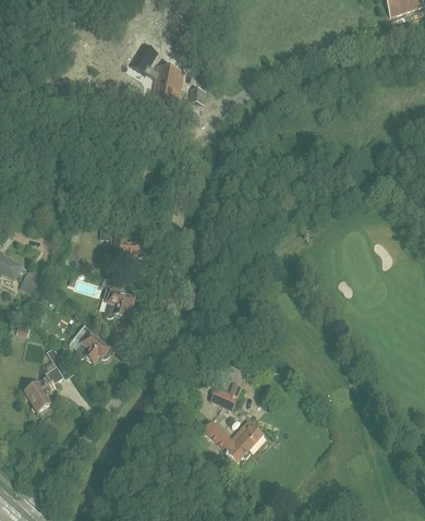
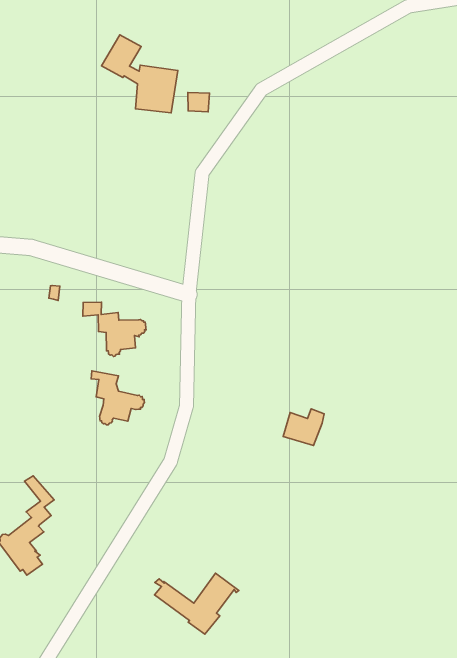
building: [74,324,110,362] -> none
building: [211,383,242,409] -> [283,409,324,446]
building: [204,420,264,462] -> [155,573,239,634]

